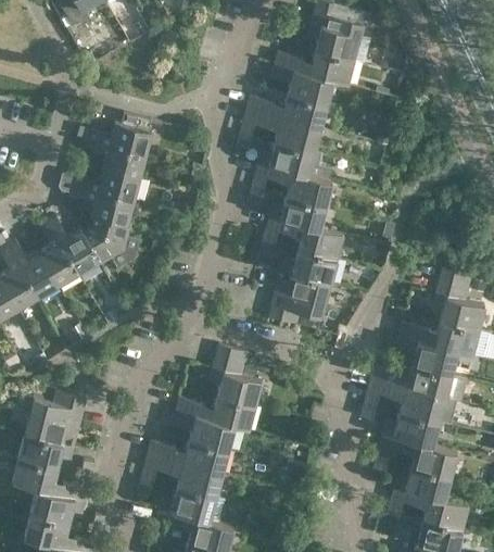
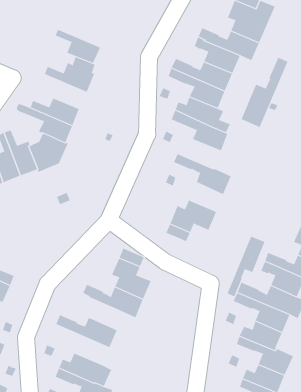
building: none -> [241,57,288,128]
building: [85,142,145,179] -> [54,29,101,64]
building: [270,197,326,230] -> none
building: [282,250,337,284] -> none
building: none -> [227,236,265,297]
building: [173,411,233,451] -> none
building: [145,455,221,498] -> none

